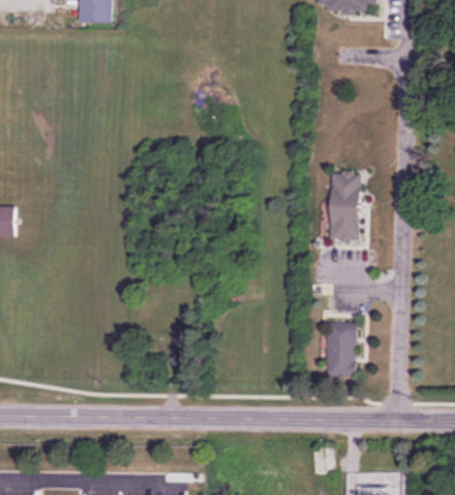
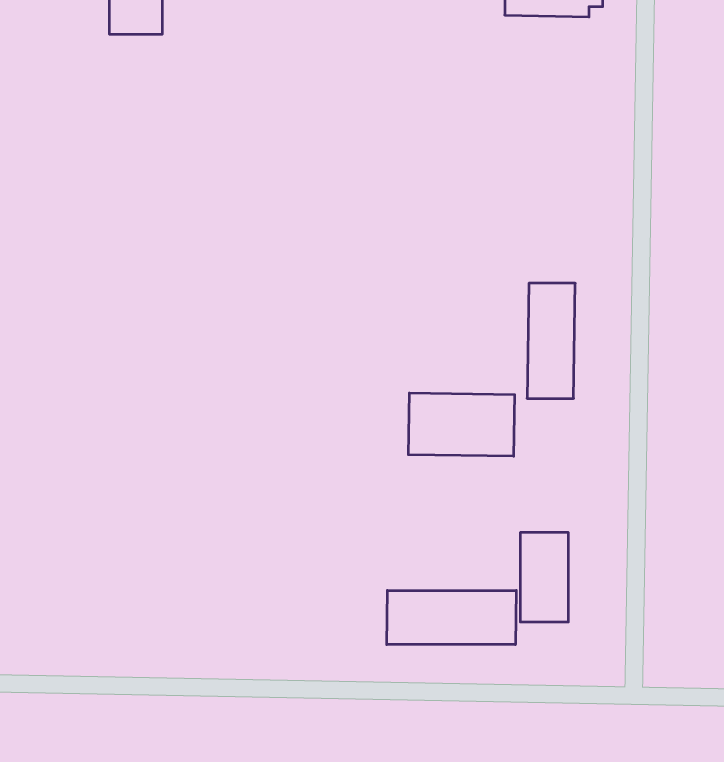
building: none -> [408,393,515,456]
building: none -> [387,590,516,645]

